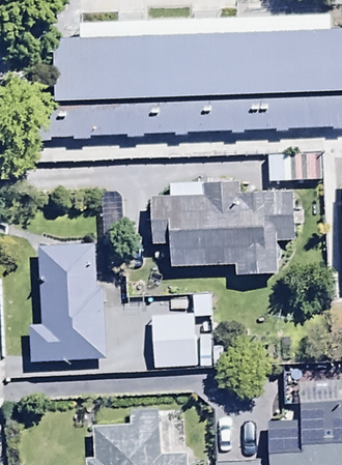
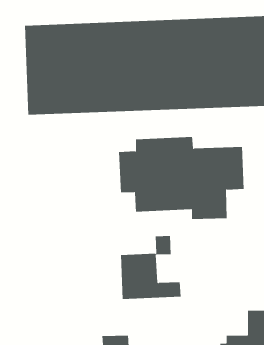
building: [28,239,106,358] -> none

